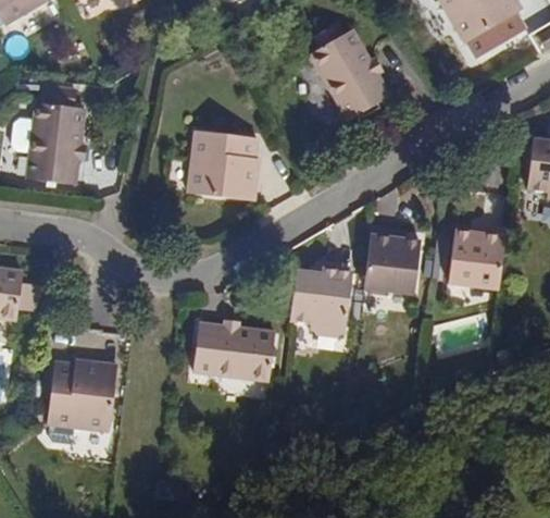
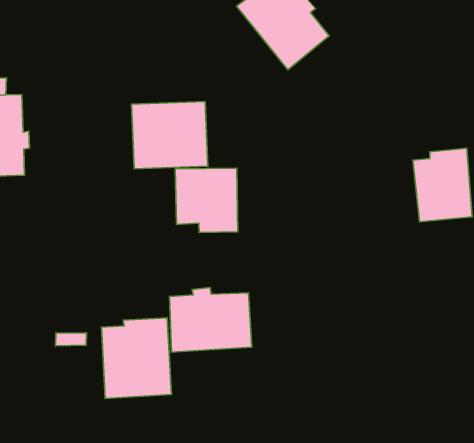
building: [362,226,424,296] -> none
building: [288,269,354,338] -> [175,168,238,232]
building: [45,357,116,435] -> [102,318,172,398]

